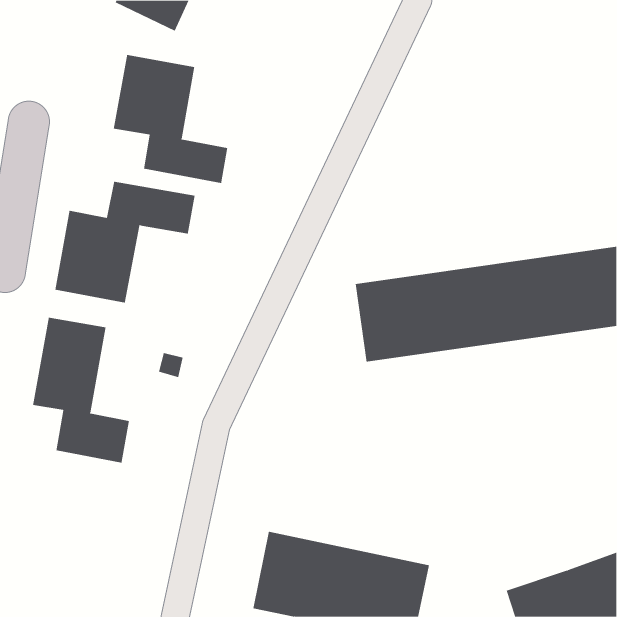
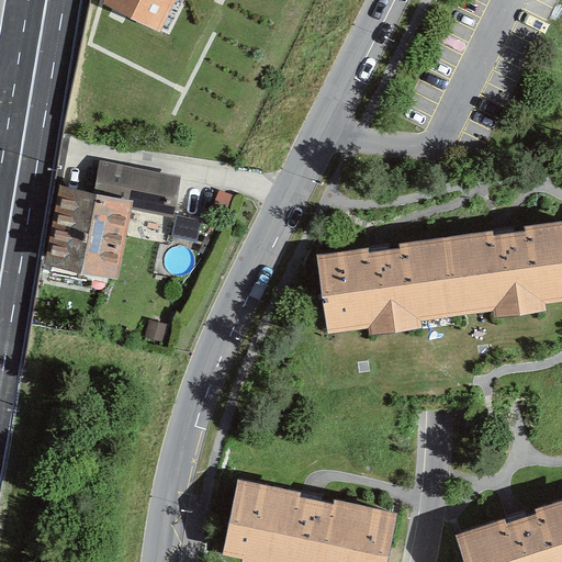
building: [113,54,228,184] -> none
building: [33,317,130,463] -> none

